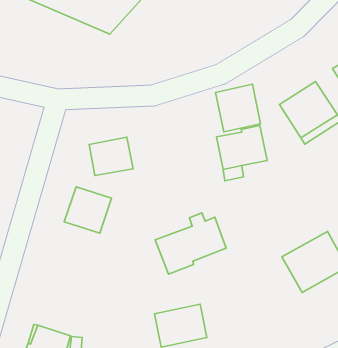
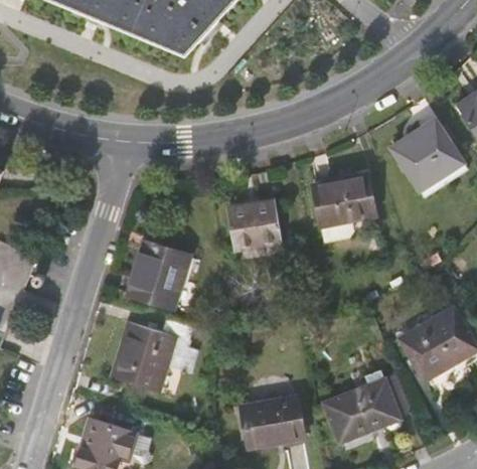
building: [216,84,261,132] -> none
building: [89,137,133,175] -> [228,199,283,247]
building: [155,213,226,274] -> [322,366,410,442]
building: none -> [112,318,192,393]

